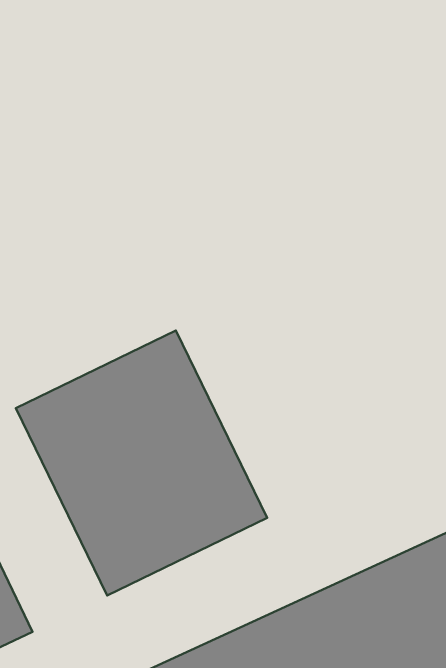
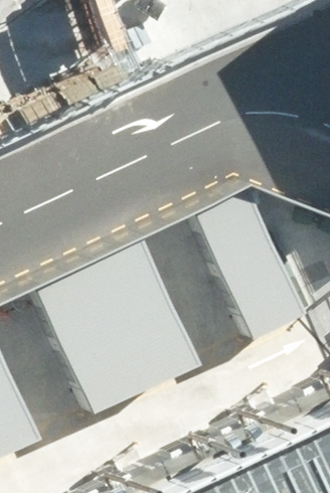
building: none -> [189,188,310,340]

